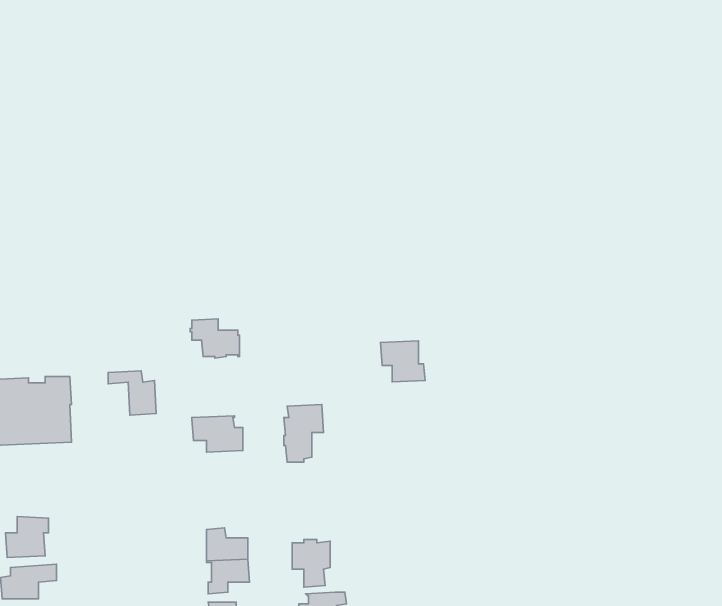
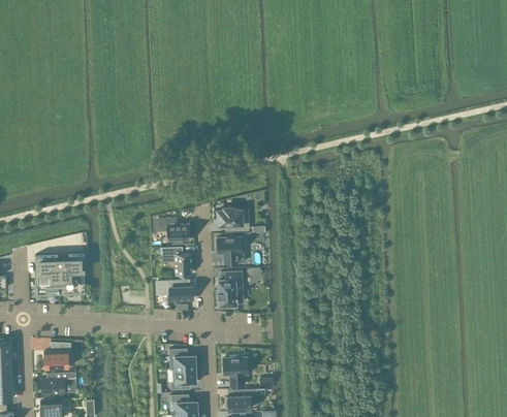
building: none -> [216,208,249,232]
building: [381,341,425,382] -> [217,238,245,264]
building: [108,371,156,415] -> [161,248,191,276]

